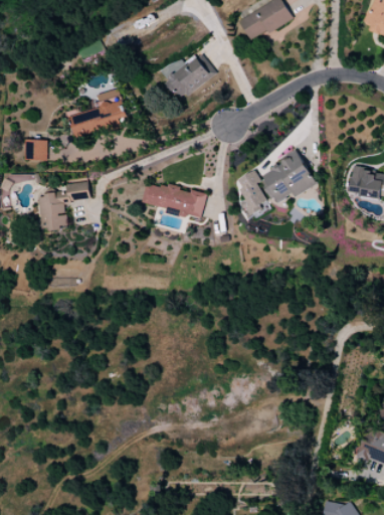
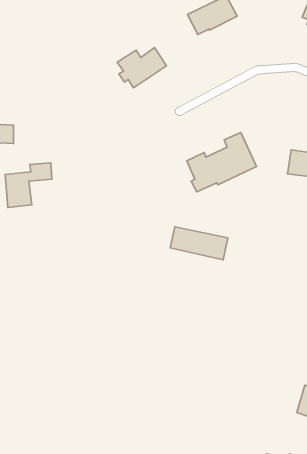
building: [66,88,127,139] -> none
building: [142,181,205,217] -> [170,227,228,260]

